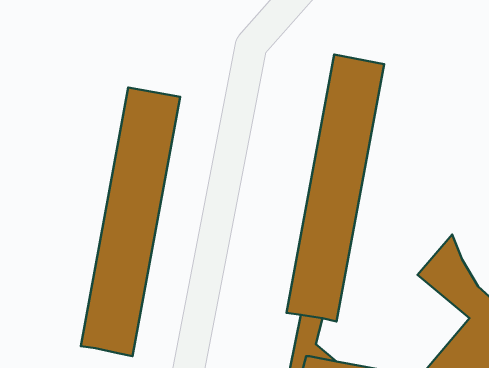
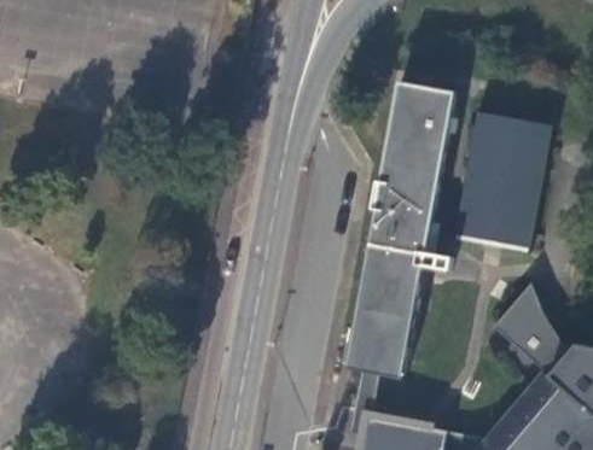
building: none -> [450,112,552,253]
building: [81,88,180,356] -> none

